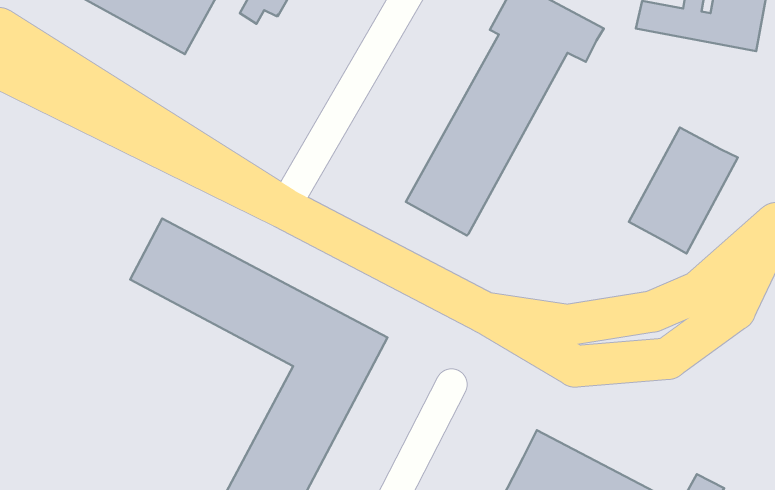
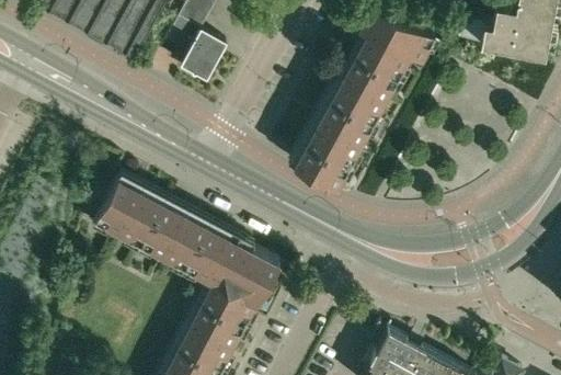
building: none -> [181,30,227,81]
building: [629,127,738,254] -> none

